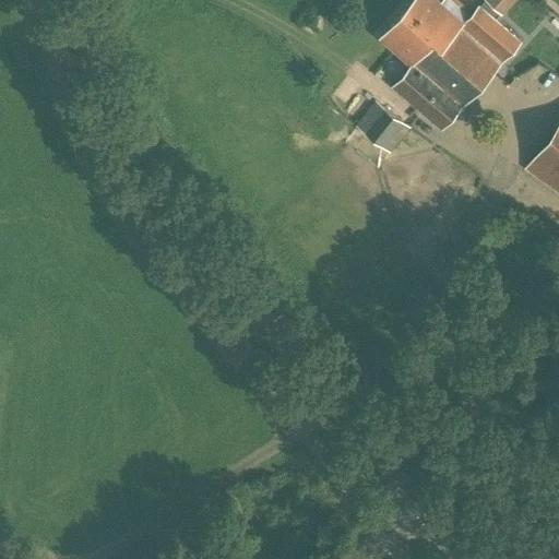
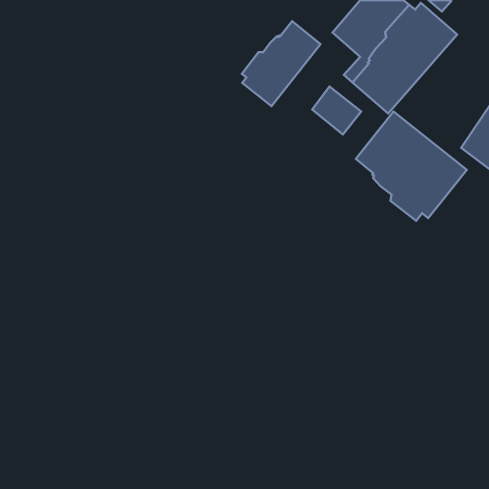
building: none -> [242,21,321,106]
building: none -> [356,112,467,221]

